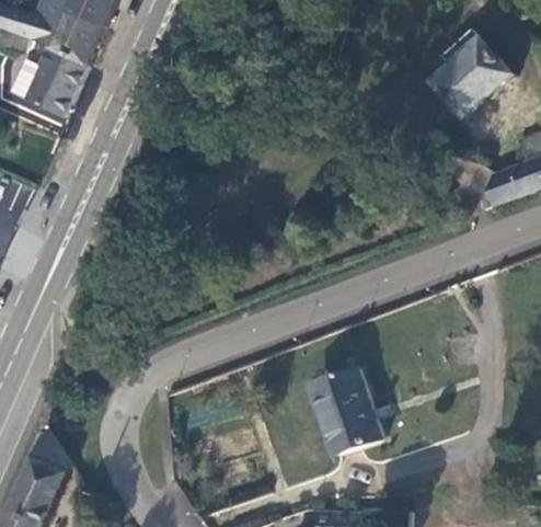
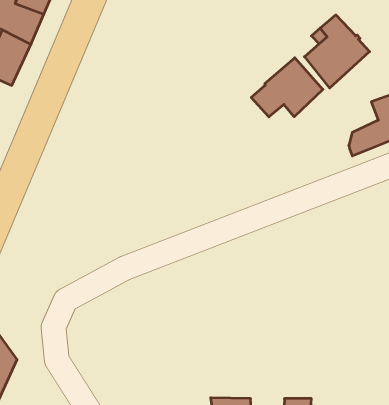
building: none -> [251,58,323,117]
building: [310,370,379,456] -> none

